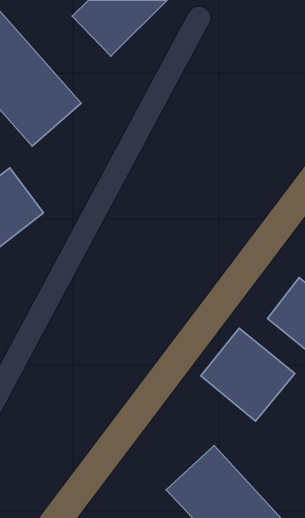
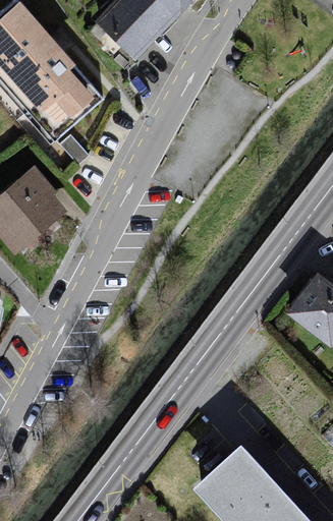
building: [201,328,295,421] -> none

